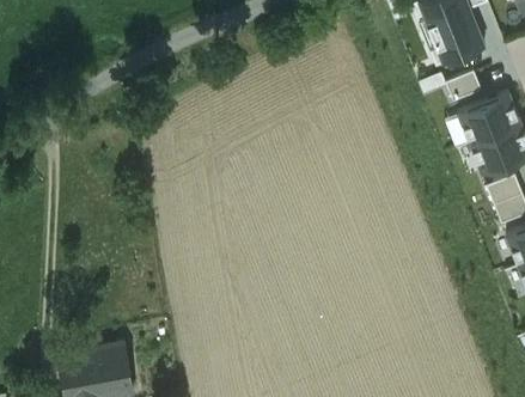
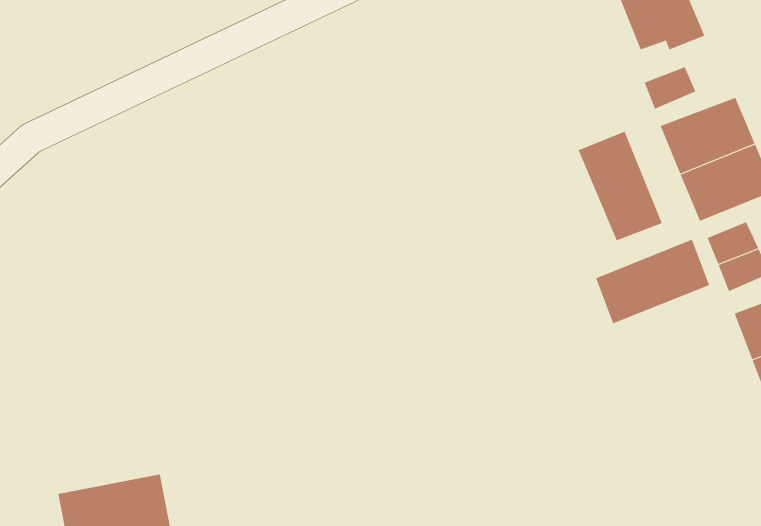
building: none -> [578,131,662,241]
building: none -> [595,239,710,324]

